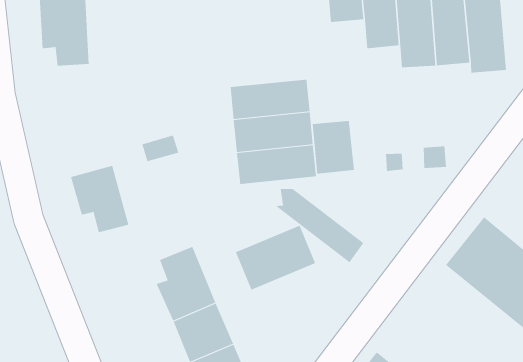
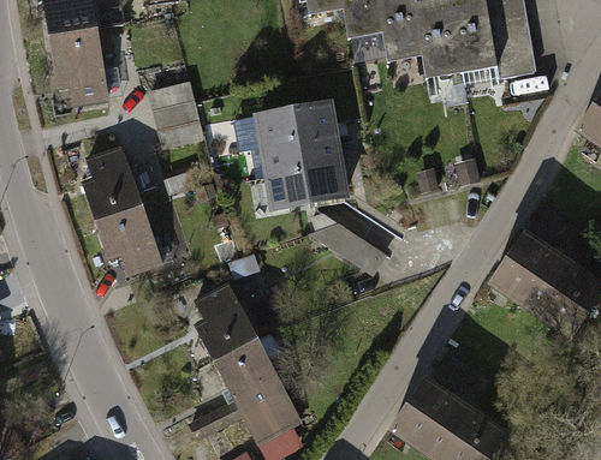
building: none -> [148,82,203,150]
building: none -> [81,147,156,220]
building: [312,120,355,174] -> none
building: [235,225,316,290] -> none

